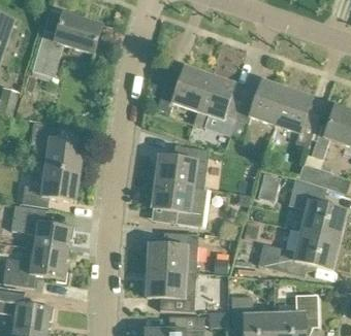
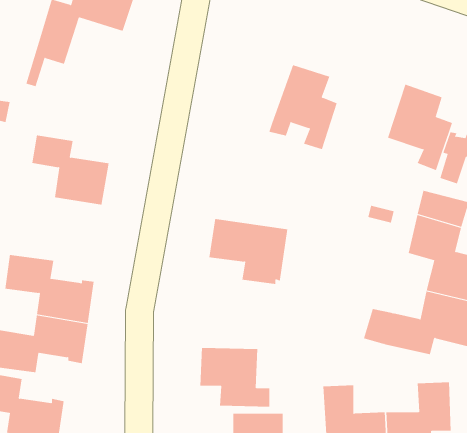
building: [157,66,210,115] -> none
building: [230,80,287,138] -> none
building: [156,145,209,189] -> none
building: [22,167,78,207] -> none
building: [147,233,197,271] -> none

